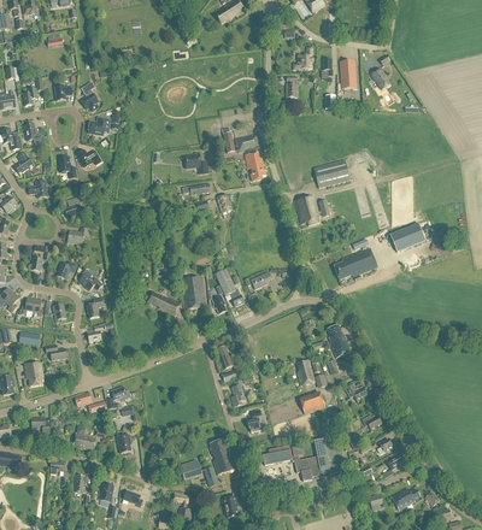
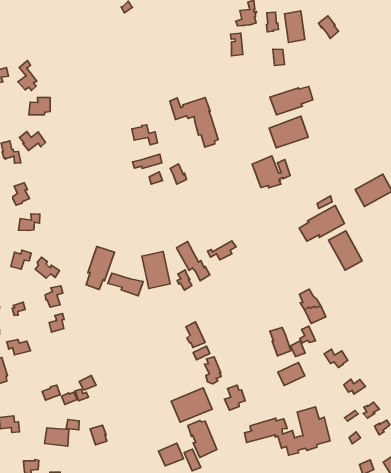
building: none -> [270,86,313,115]
building: none -> [86,247,114,290]
building: none -> [329,231,362,270]
building: none -> [171,388,212,422]

